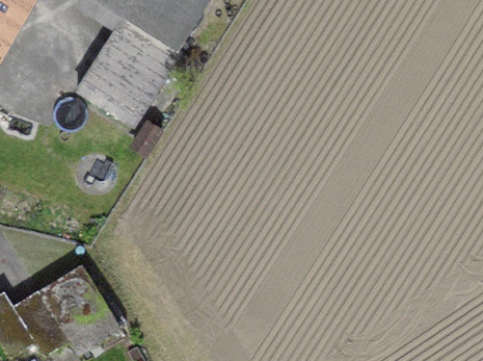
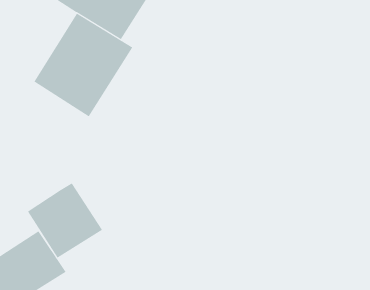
building: none -> [27,183,103,259]

